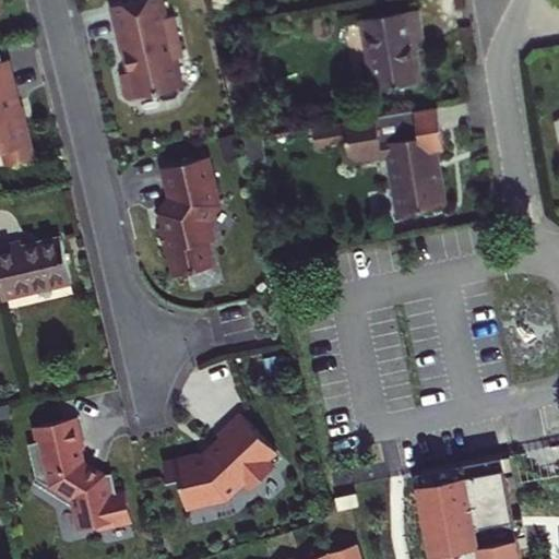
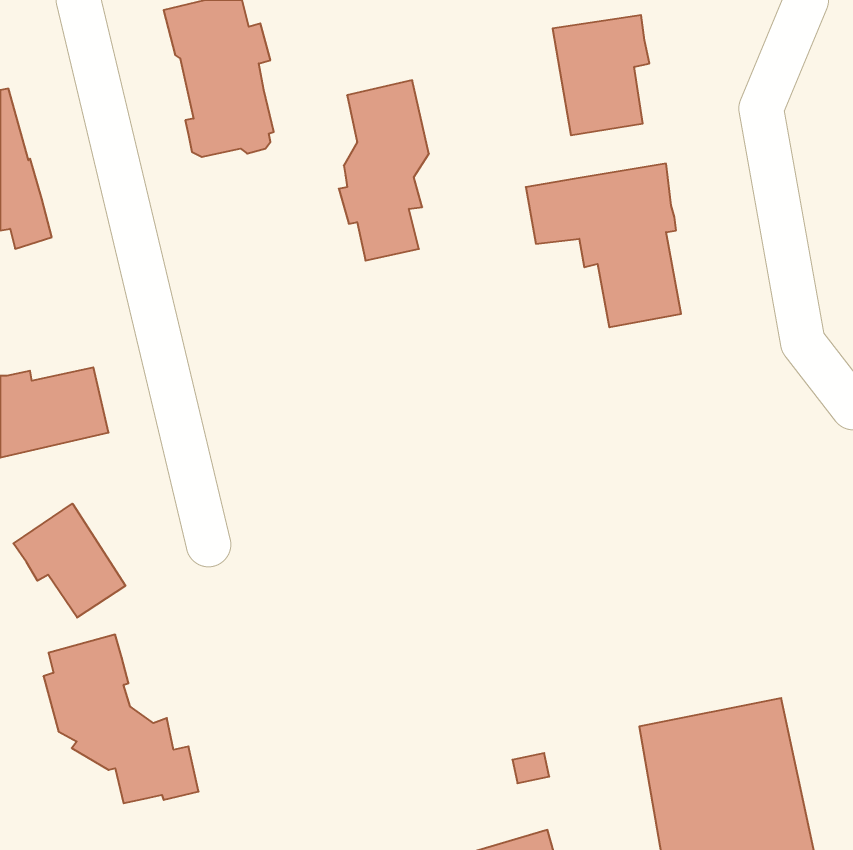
building: [156,165,215,283] -> [339,80,429,261]
building: none -> [13,504,125,618]
building: [162,414,274,509] -> none

